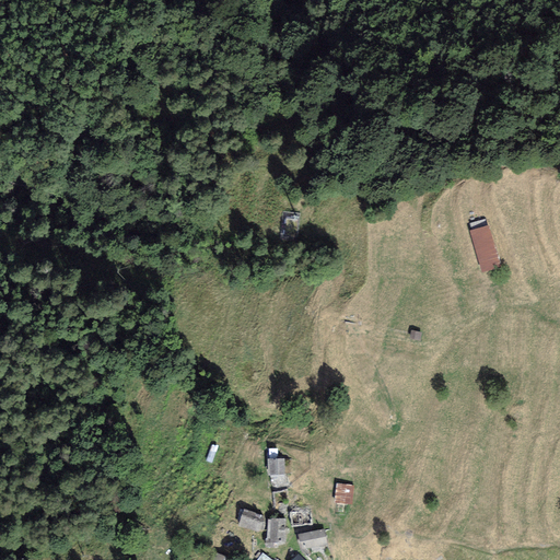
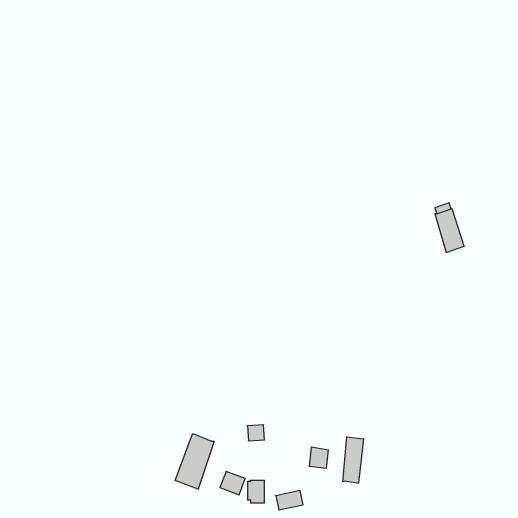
building: none -> [175,434,214,489]
building: none -> [343,437,364,483]

